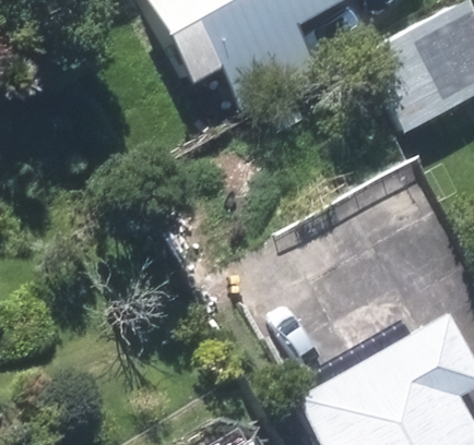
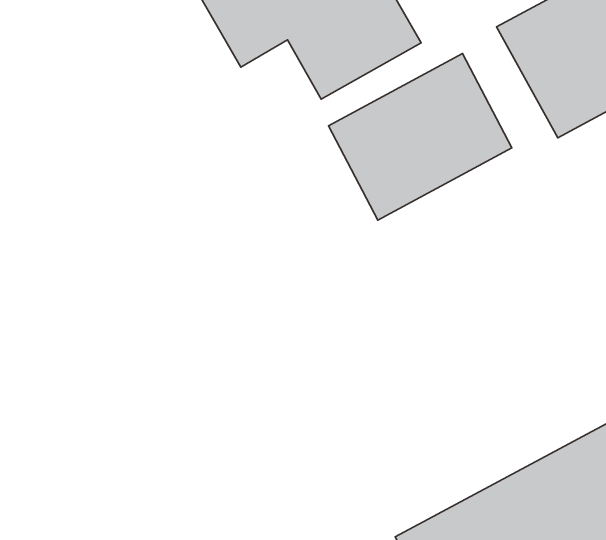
building: none -> [328,54,512,220]

